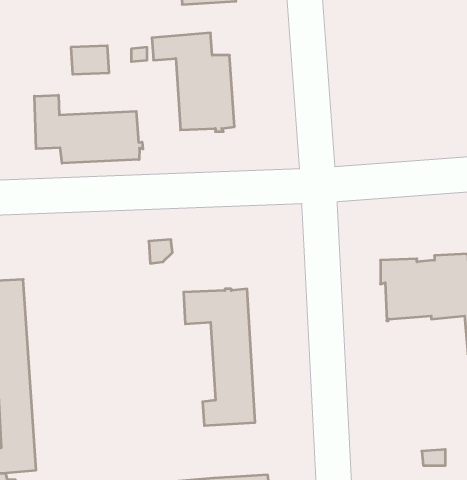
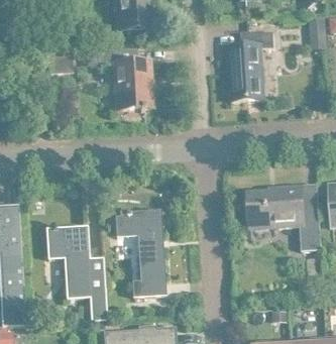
building: none -> [227,30,273,101]
building: [34,95,143,163] -> none
building: none -> [46,224,107,319]

